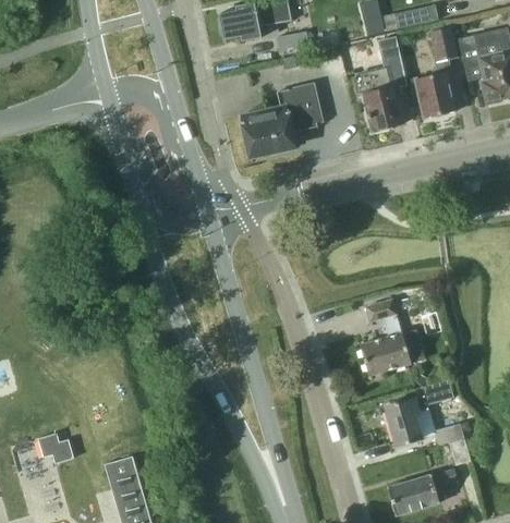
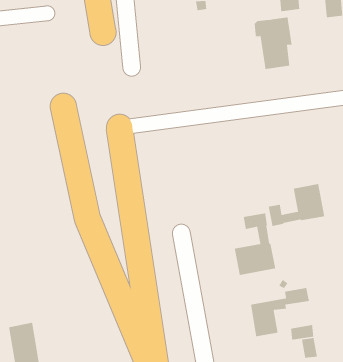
building: [415,68,456,118] -> none
building: [239,84,321,157] -> none
building: none -> [268,183,325,227]

